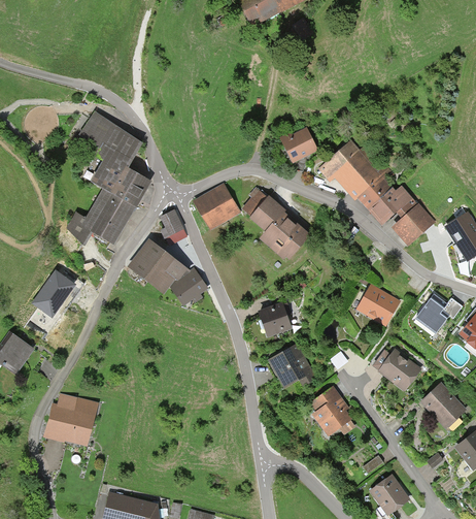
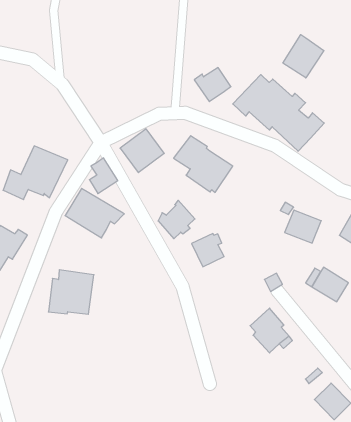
building: none -> [283,35,324,78]
building: [78,111,150,207] -> none
building: [241,185,269,216] -> none
building: [390,198,434,246] -> none
building: [169,266,208,306] -> [158,200,195,239]
building: [267,344,316,388] -> none
building: [43,394,96,445] -> [48,270,94,314]

